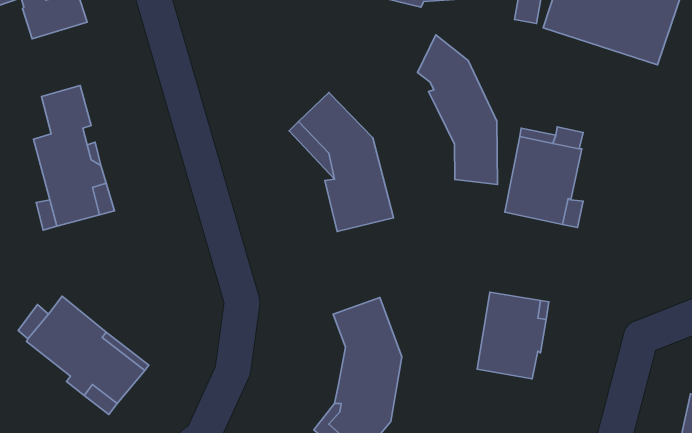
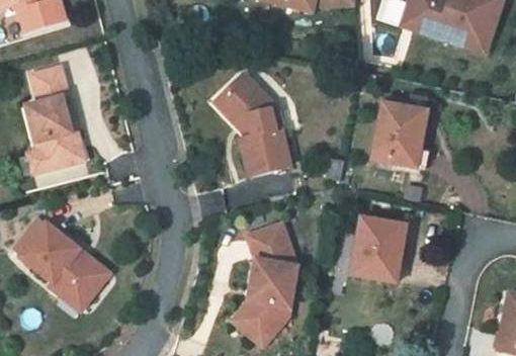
building: [418,35,498,184] -> none

